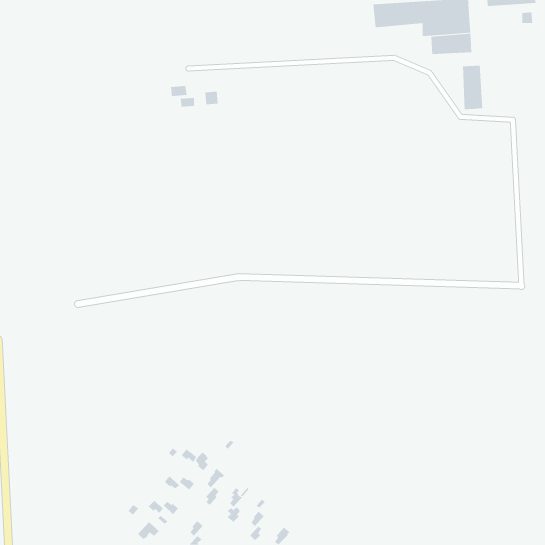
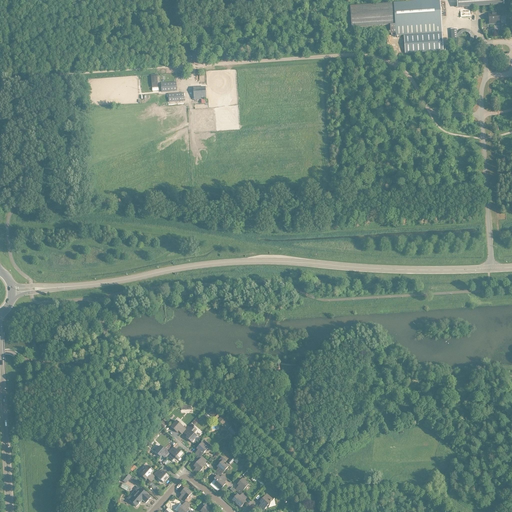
building: [463,65,483,110] -> none

